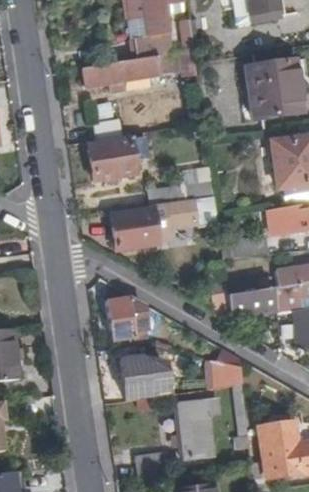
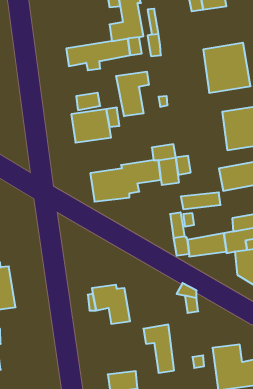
building: none -> [116,72,149,116]
building: [106,295,147,340] -> none

